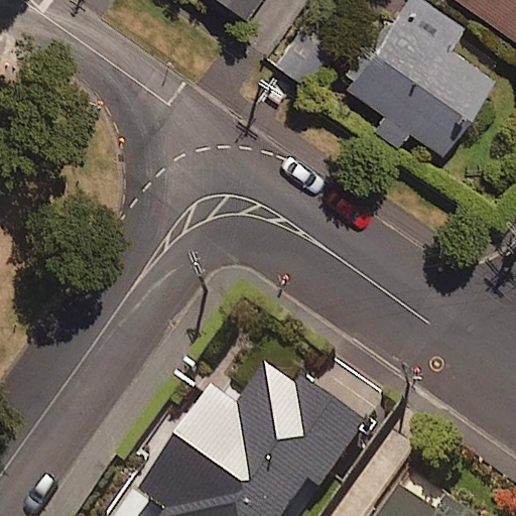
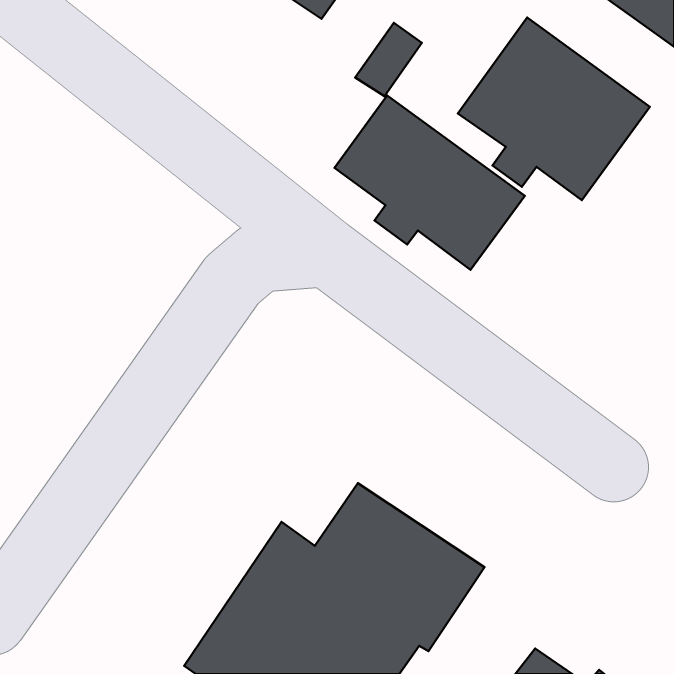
building: none -> [334,96,525,270]

